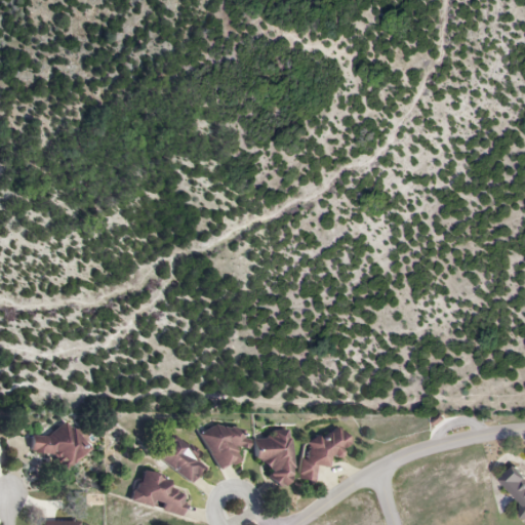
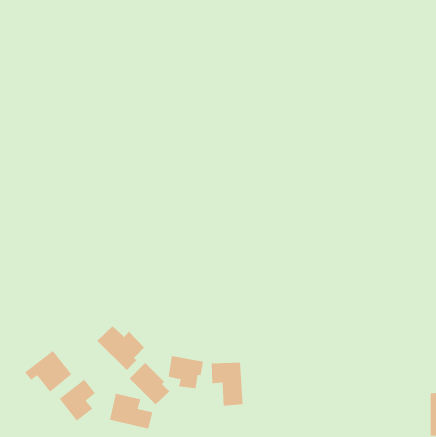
building: none -> [97,325,145,371]
building: [299,434,347,481] -> none
building: none -> [59,379,96,422]

